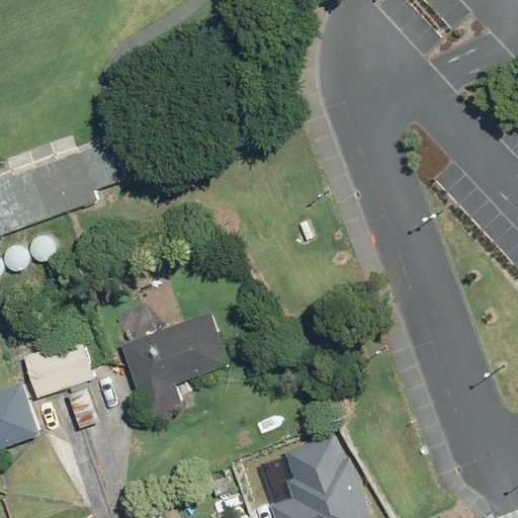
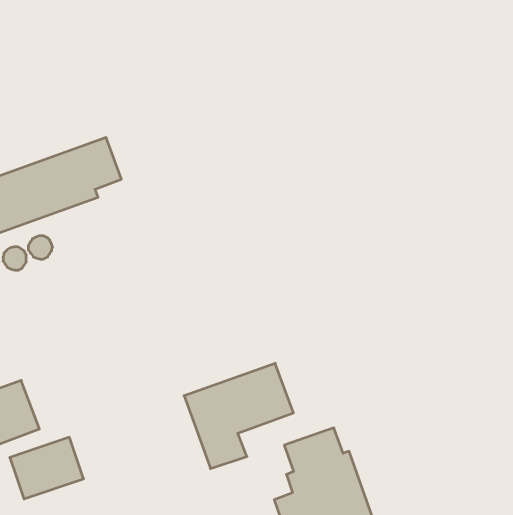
building: [117,314,227,419] -> [184,363,293,469]
building: [20,337,94,399] -> [10,437,84,499]

